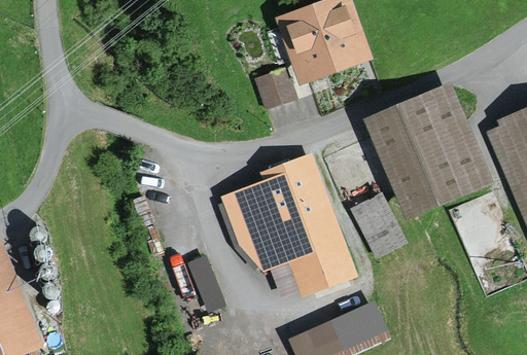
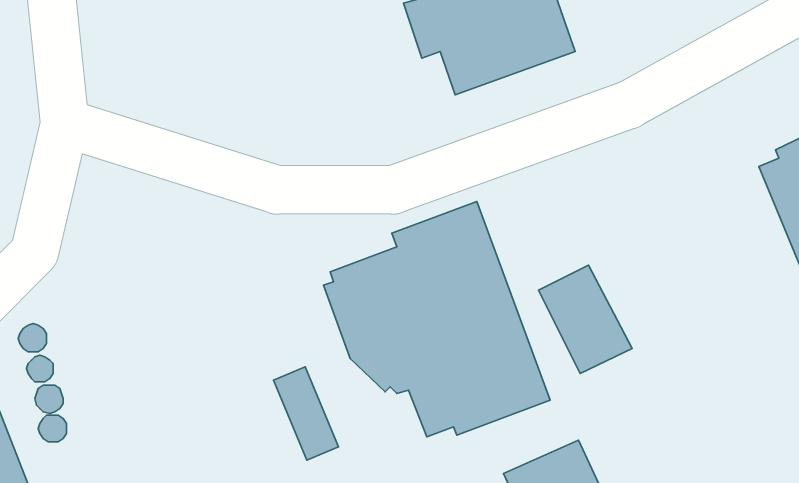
building: [253,65,298,109] -> none
building: [362,81,494,221] -> none

